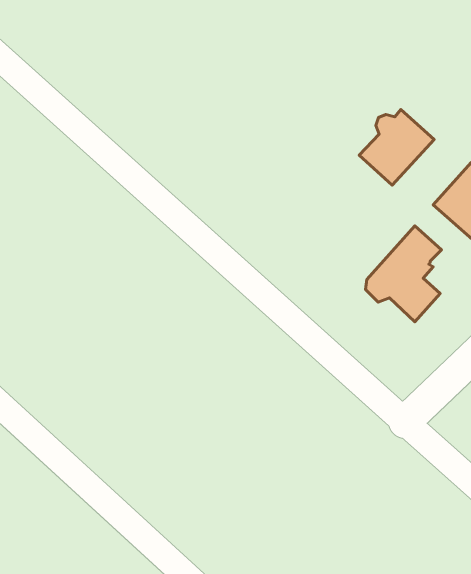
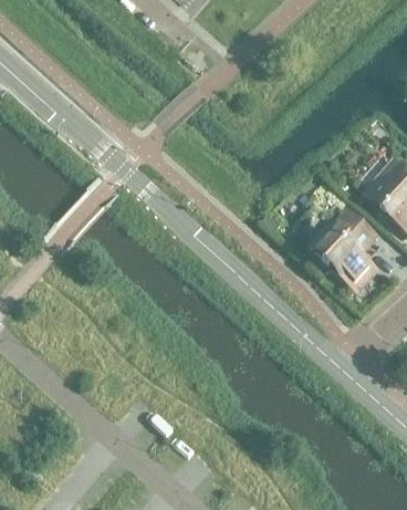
building: [359,110,434,185] -> none

